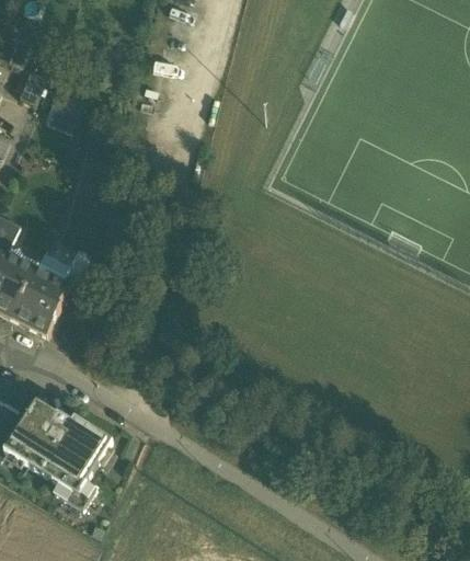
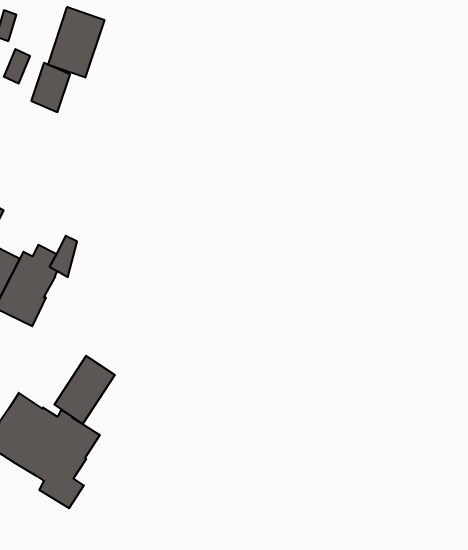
building: none -> [48,7,104,78]
building: none -> [54,356,115,424]

